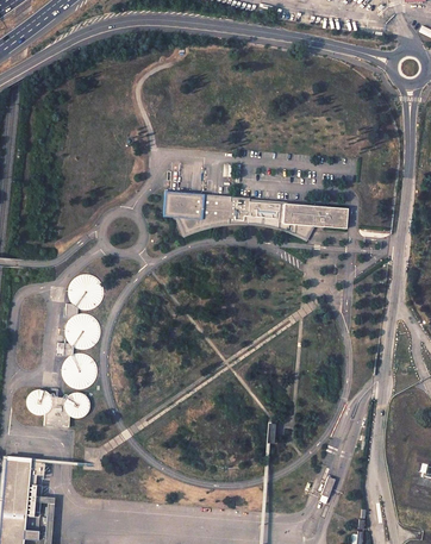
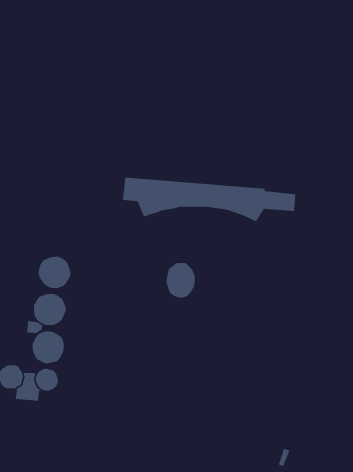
building: none -> [166,262,195,298]

